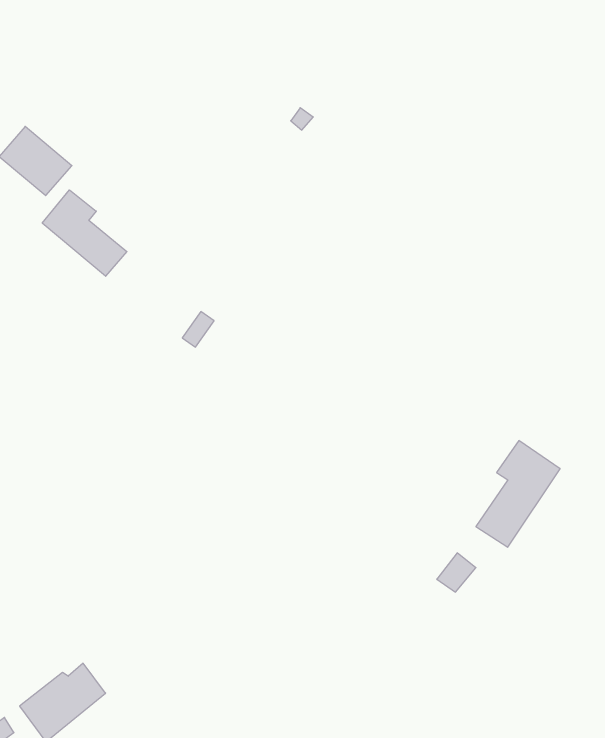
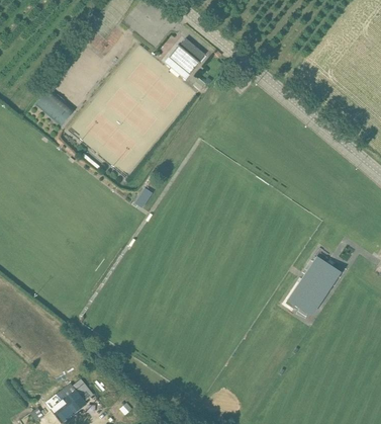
building: none -> [168,39,203,76]
building: [42,190,127,276] -> none

